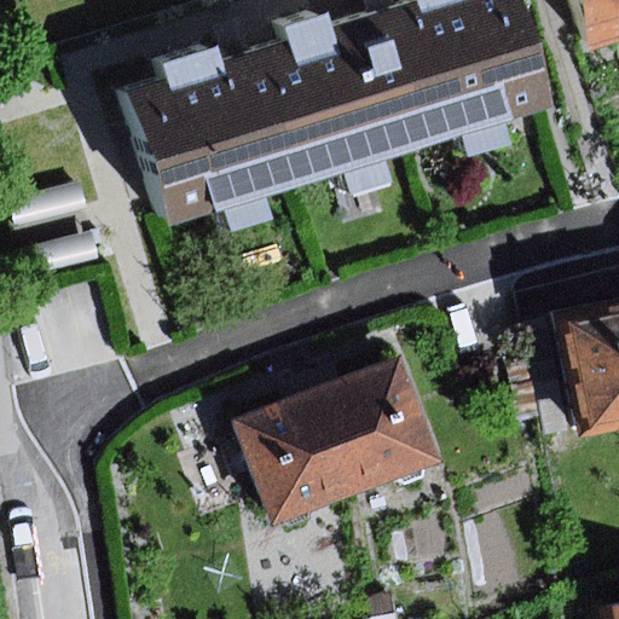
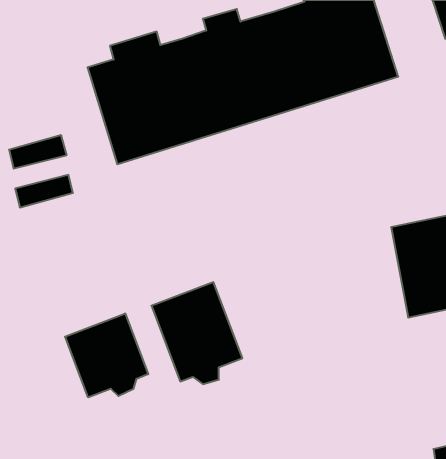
building: [306,348,429,482] -> none
building: none -> [65,313,148,397]

